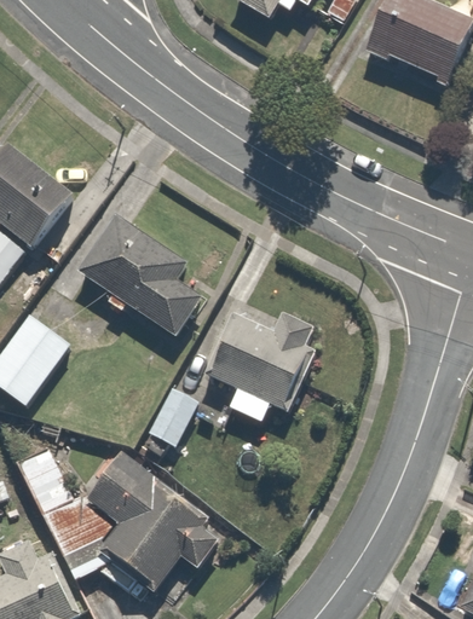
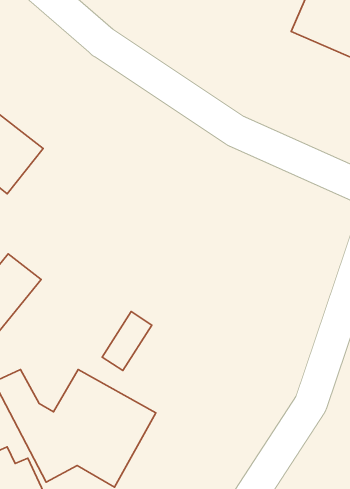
building: [76,216,196,336] -> none
building: [204,317,323,424] -> none

